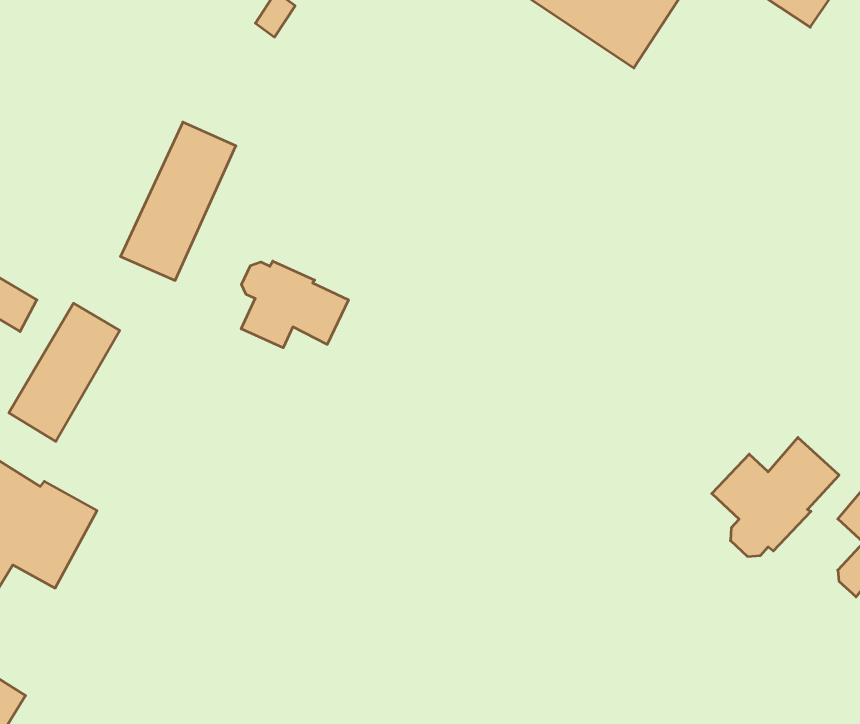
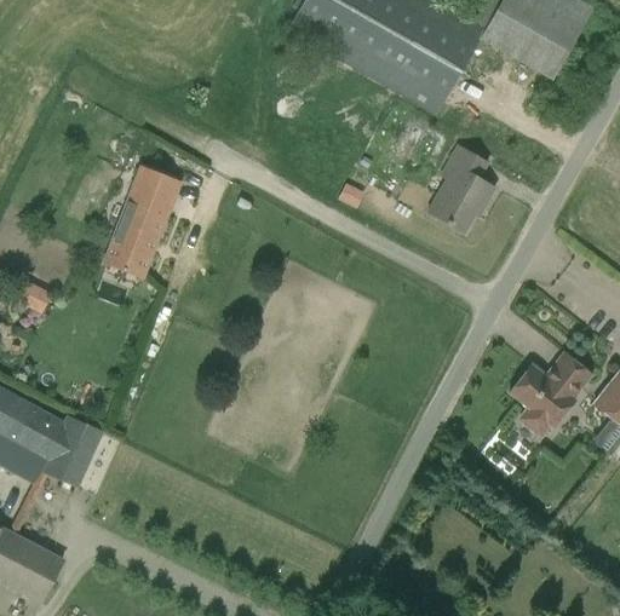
building: none -> [427,145,494,232]
building: [241,261,348,348] -> none
building: [9,303,120,441] -> none

